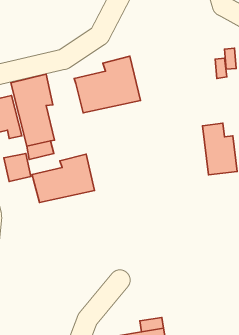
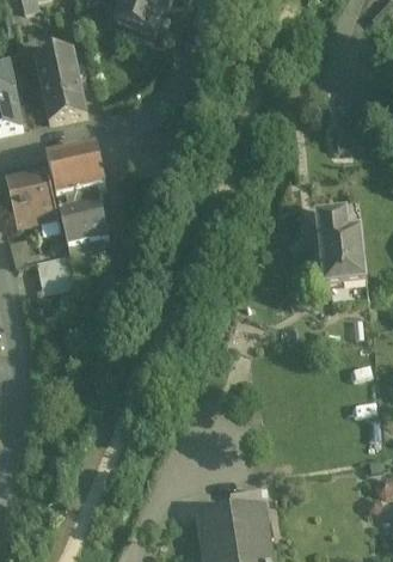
building: none -> [39,48,86,117]
building: [74,56,140,113] -> none
building: [32,154,95,203] -> none

